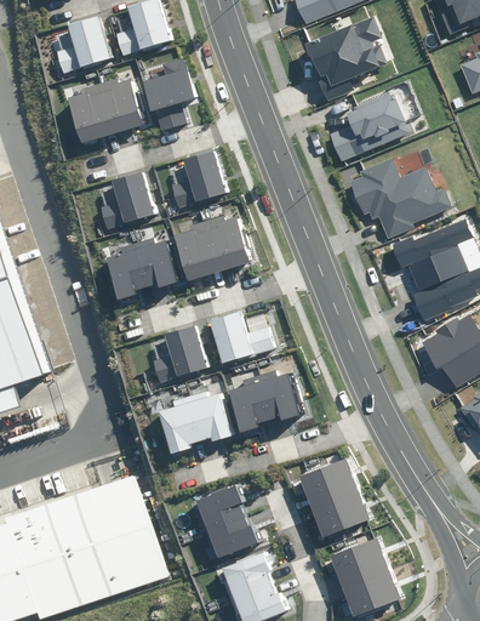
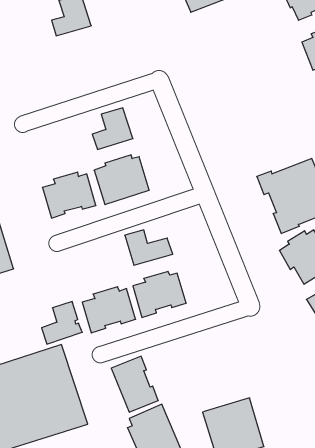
building: [55,16,110,74] -> none
building: [303,17,387,102] -> none
building: [142,59,195,131] -> none
building: [68,79,143,143] -> none
building: [330,91,408,160] -> none
building: [350,158,451,239] -> none
building: [99,172,154,229] -> none
building: [155,326,210,383] -> [42,302,82,344]
building: [299,458,371,539] -> none

